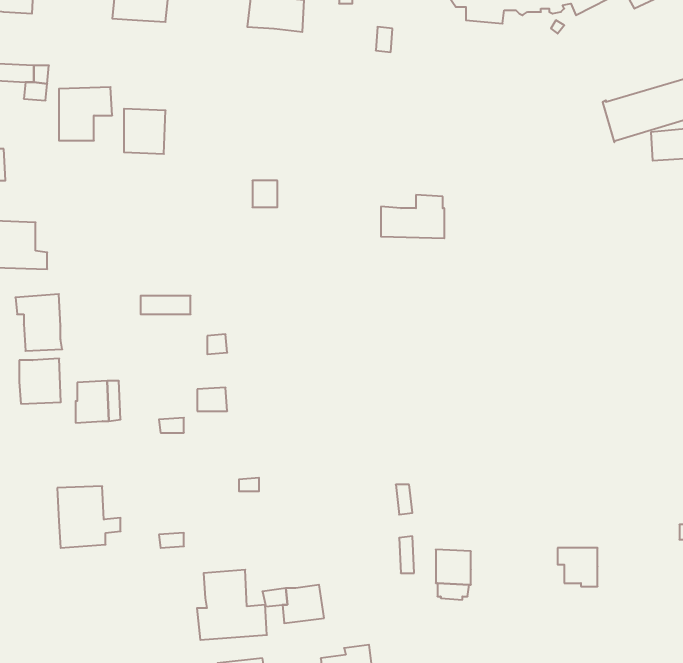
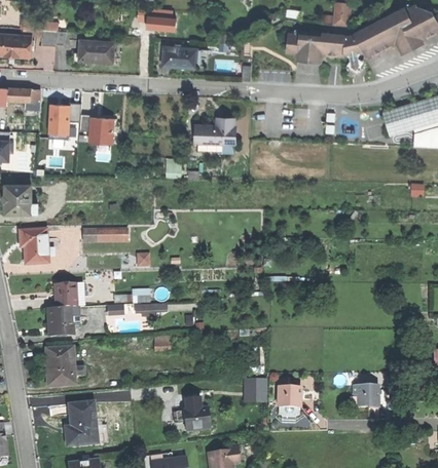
building: [381,195,444,238] -> [196,118,235,145]
building: [19,359,61,404] -> [48,308,74,336]
building: [197,570,267,640] -> [65,403,108,446]

